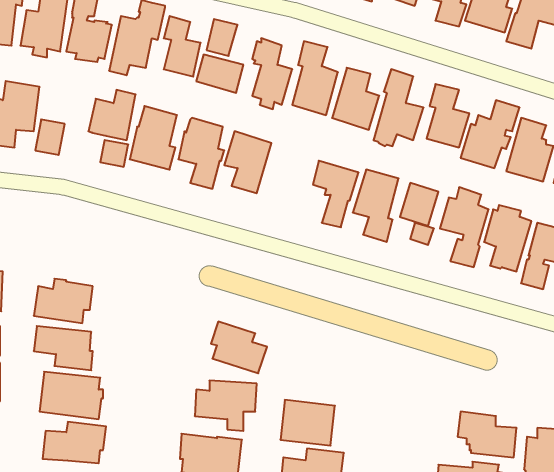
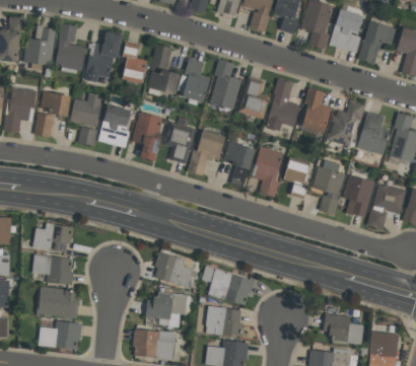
building: none -> [41,91,71,116]
building: none -> [187,130,226,175]
building: none -> [202,266,255,305]

